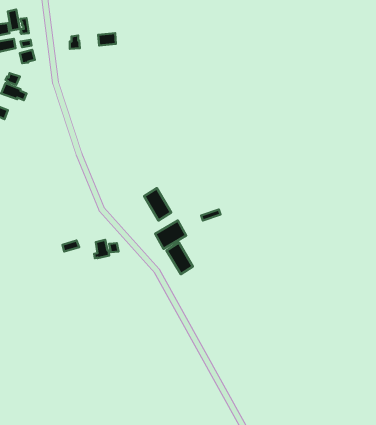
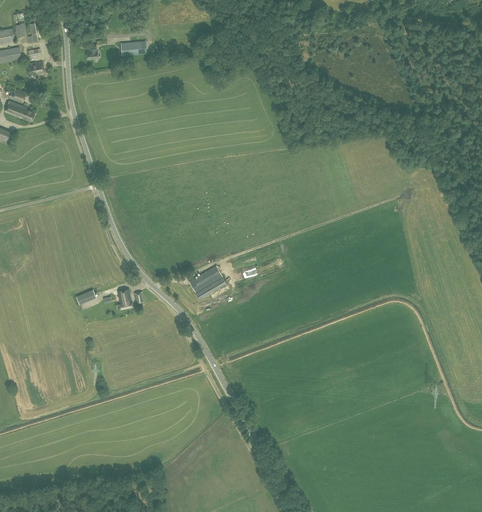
building: [144,188,171,220] -> none
building: [167,243,193,274] -> none

